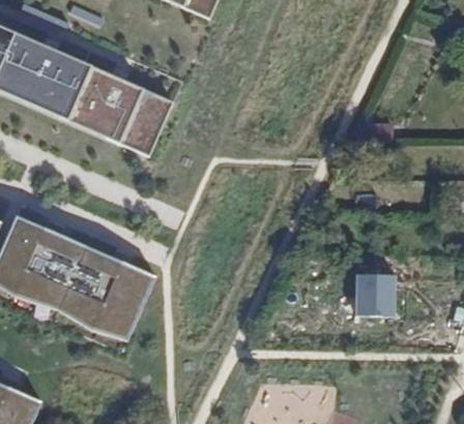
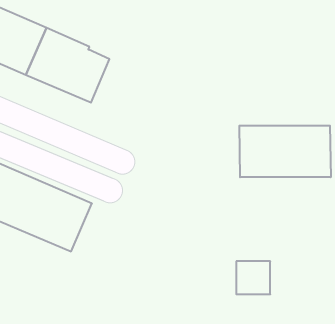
building: none -> [239,126,331,177]
building: [355,276,396,315] -> [236,261,270,294]

